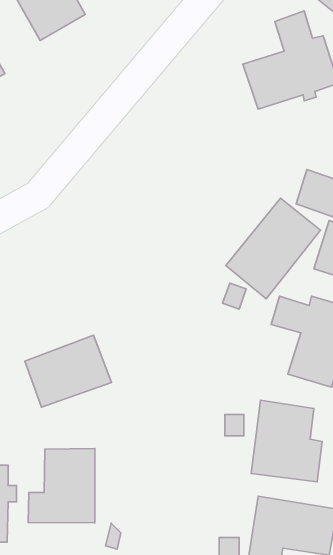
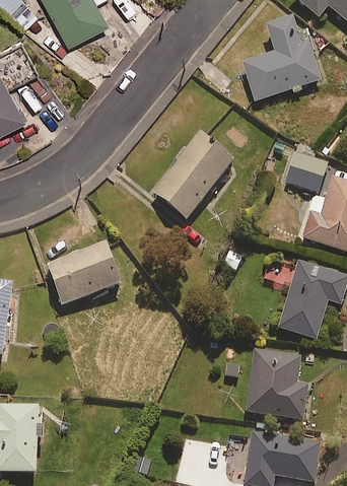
building: [226,198,321,299] -> [152,132,233,218]
building: [25,335,111,407] -> [48,242,122,304]
building: [28,448,95,523] -> none

